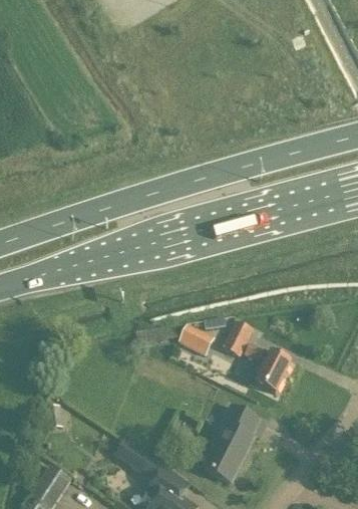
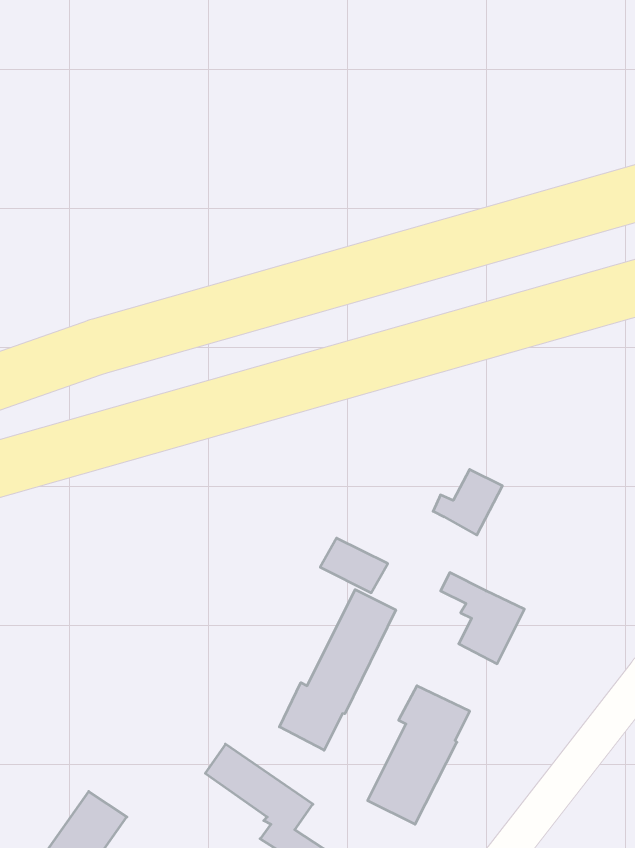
building: [217,319,255,355] -> [433,469,502,535]
building: none -> [279,590,396,750]

